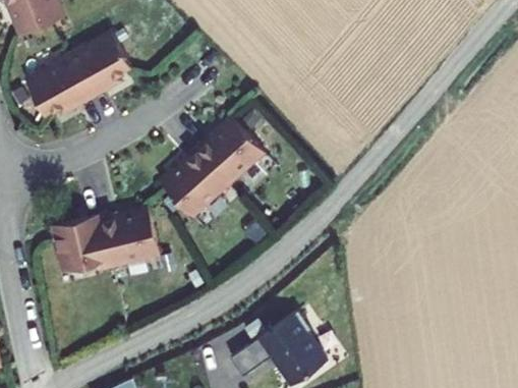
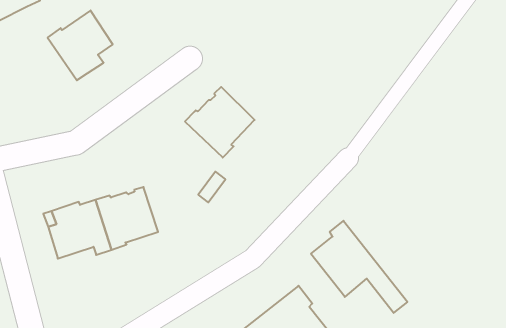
building: [25,54,93,114] -> none
building: [161,146,230,214] -> none
building: none -> [311,221,407,313]

